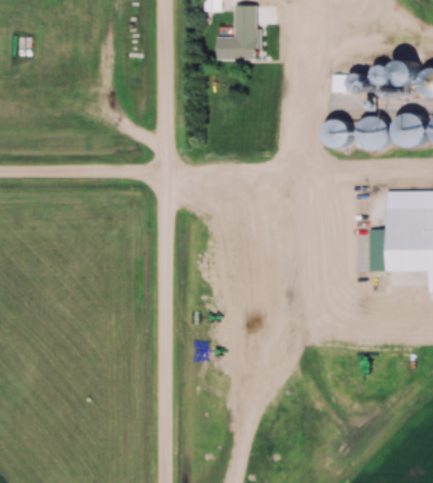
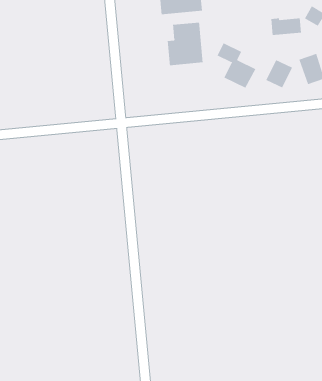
building: none -> [167,22,203,66]
building: none -> [217,43,256,88]

